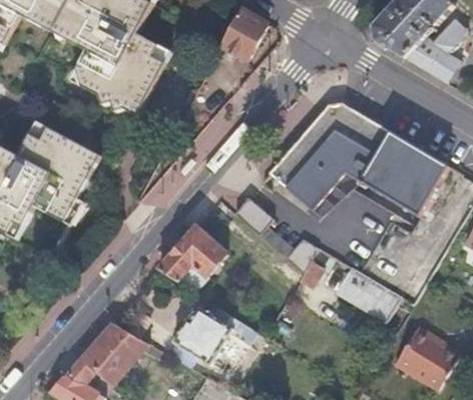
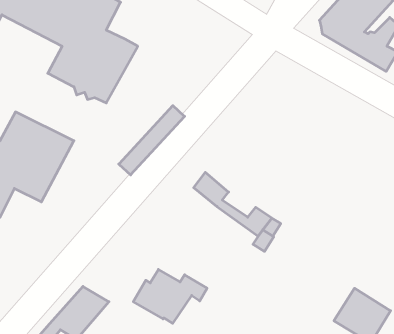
building: [225,13,274,65] -> none
building: [269,100,448,215] -> none
building: [156,224,226,290] -> none
building: [335,265,400,312] -> none

